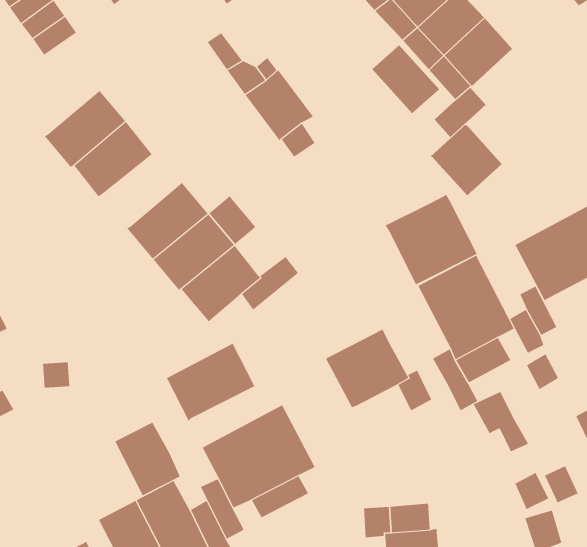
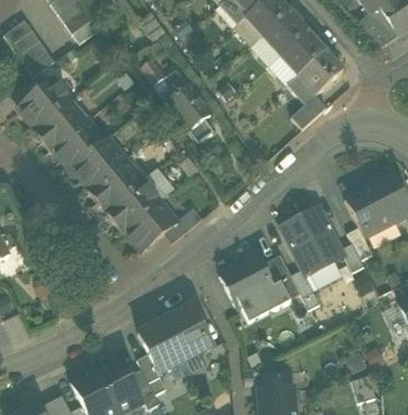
building: [371,45,440,114] -> none
building: none -> [17,76,71,126]
building: [430,124,503,196] -> none
building: none -> [73,137,125,186]
building: [385,194,478,285] -> none
building: [166,343,255,422] -> none
building: none -> [240,290,276,322]
building: [473,391,529,452] -> [263,256,299,296]
building: [114,422,181,496] -> none

